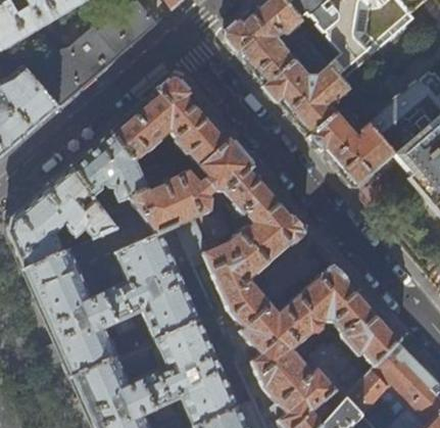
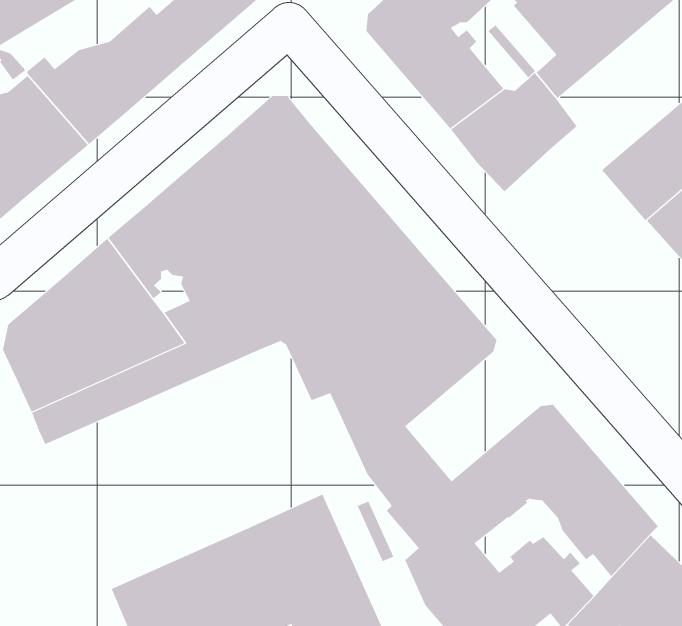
building: [309,112,395,188] -> none
building: [33,233,200,377] -> none

